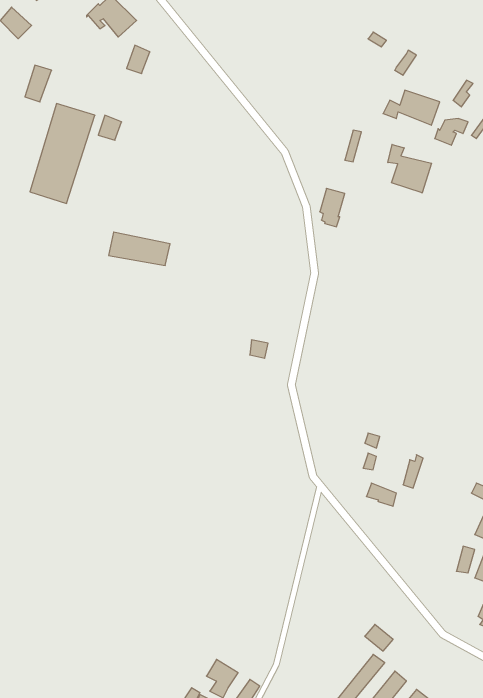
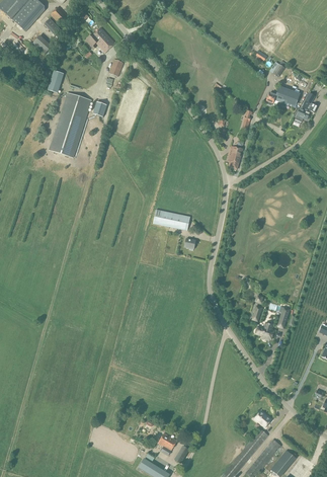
building: [388,144,432,193] -> none
building: [109,232,170,265] -> [153,209,190,229]

